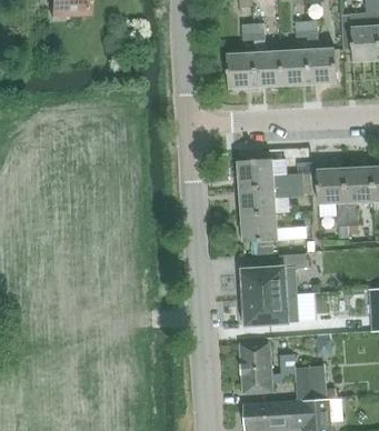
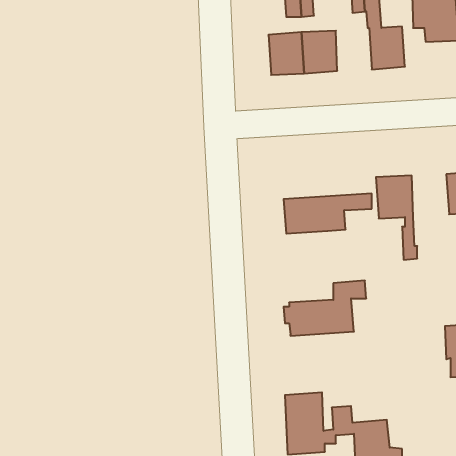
building: [281,49,310,83] -> none
building: [237,158,310,187] -> none
building: [342,167,372,224] -> none
building: [241,212,306,241] -> none
building: [241,293,297,323] -> none

